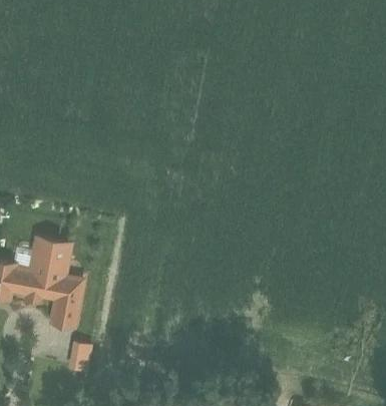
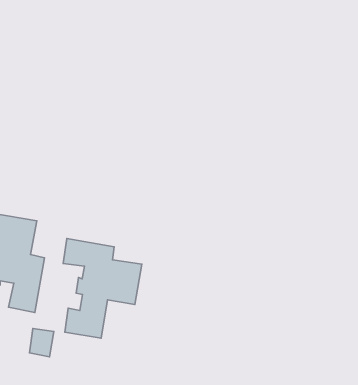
building: none -> [63,239,142,338]

